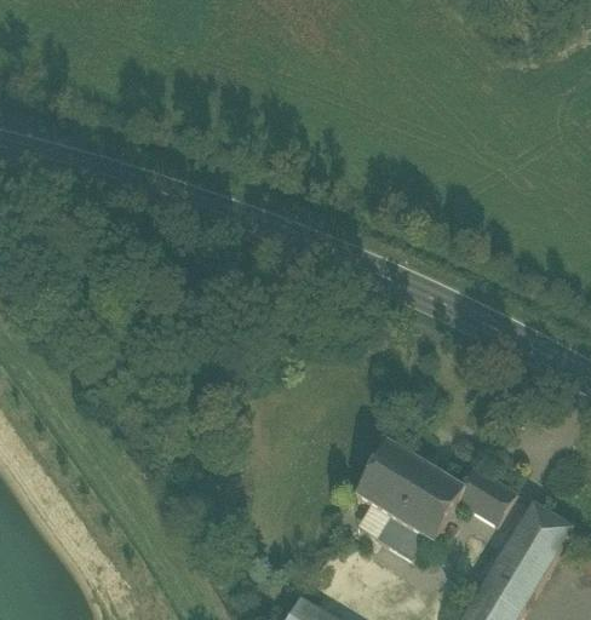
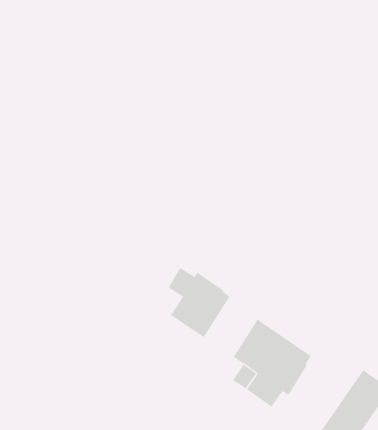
building: none -> [168,267,231,338]
building: [457,465,517,523] -> none

